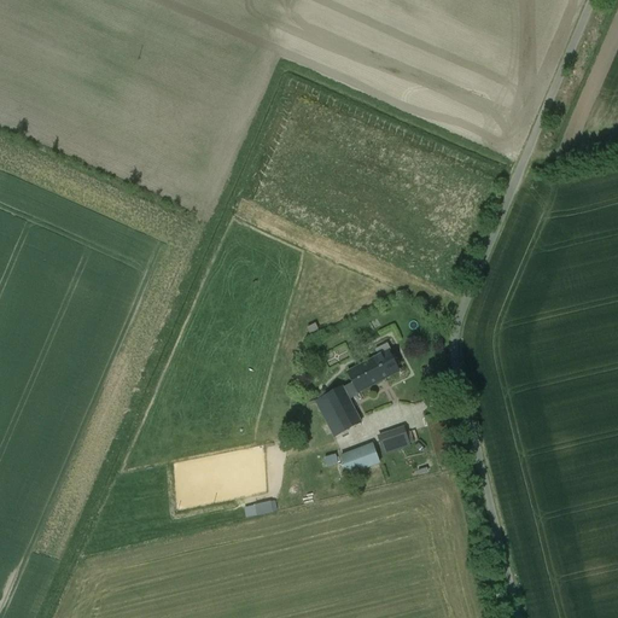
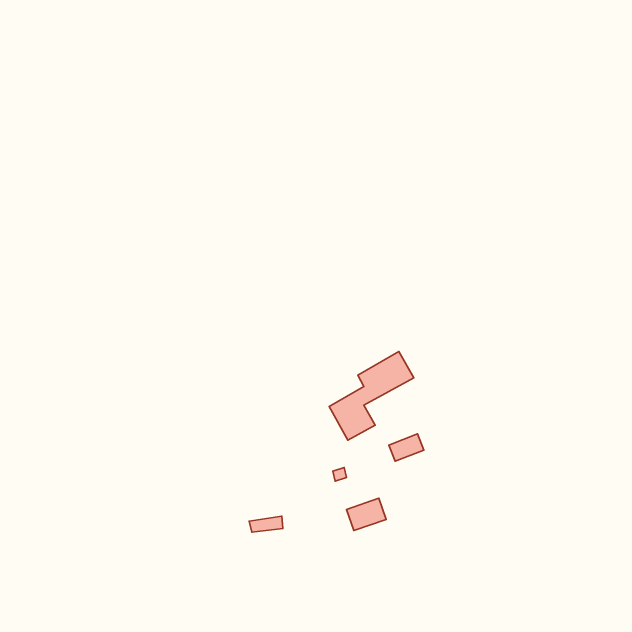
building: [339,442,378,473] -> [346,498,386,531]

